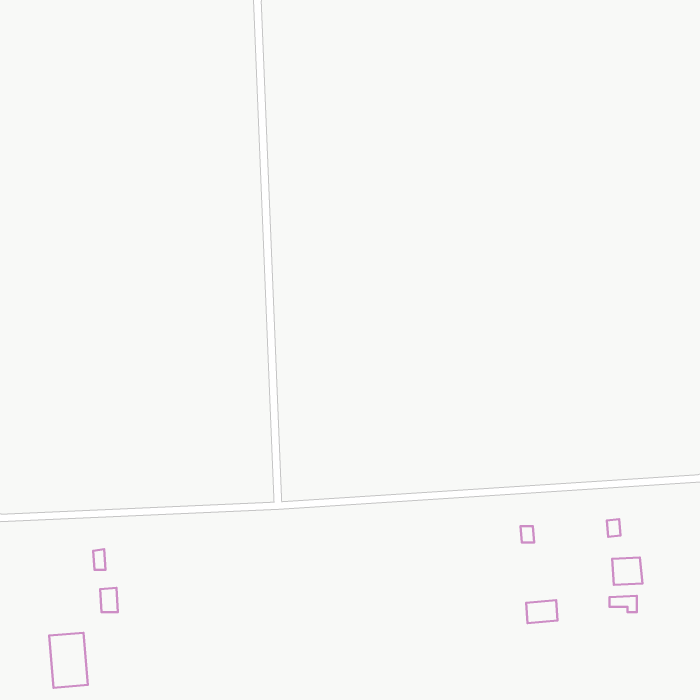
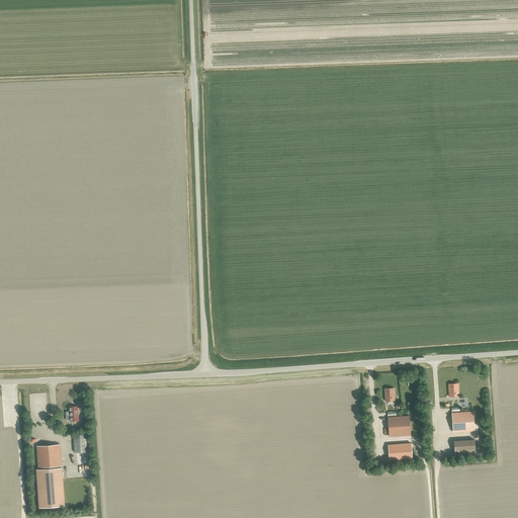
building: none -> [387,416,411,437]
building: none -> [36,444,62,467]

